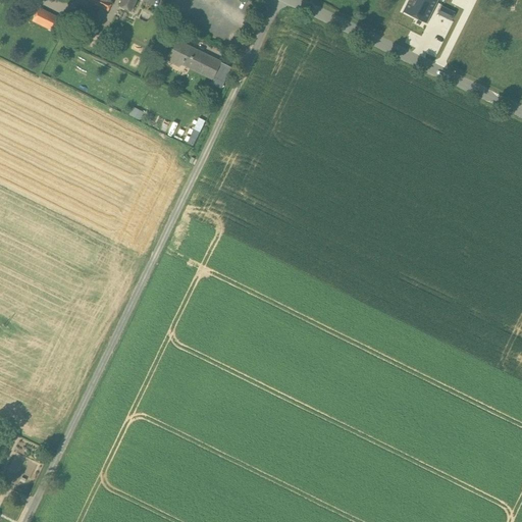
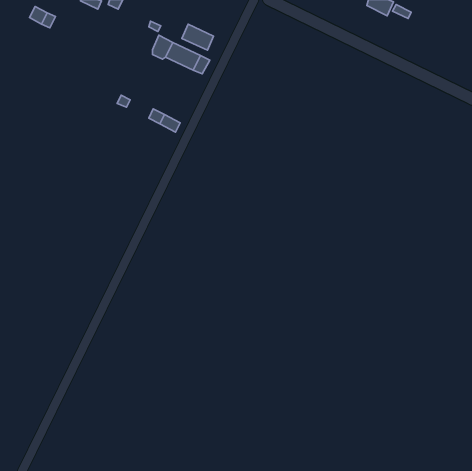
building: none -> [182,24,214,50]

